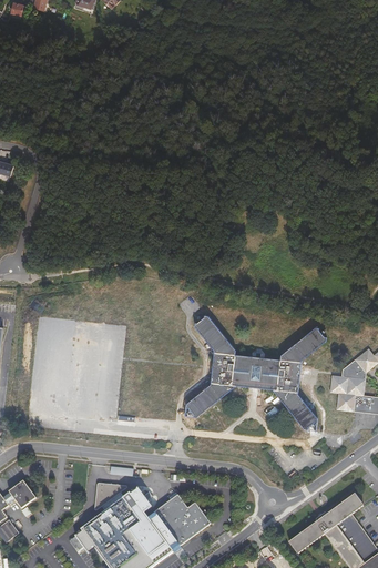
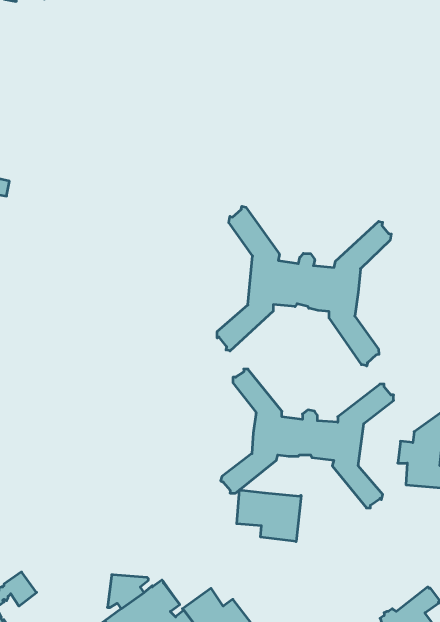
building: none -> [217,206,391,366]
building: none -> [237,490,301,542]

